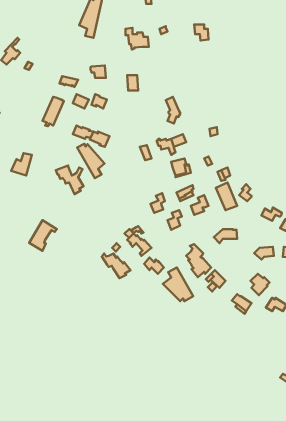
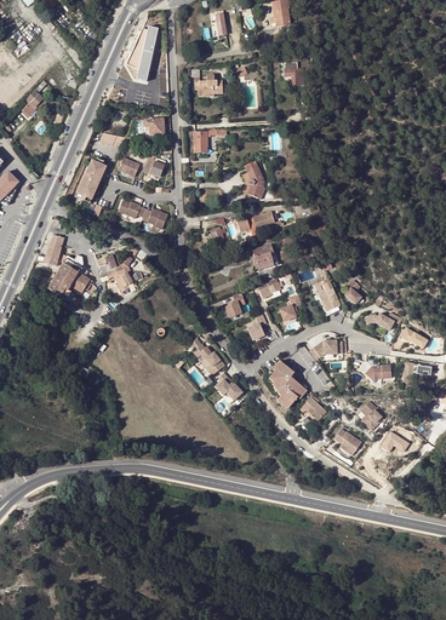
building: [77,144,104,178] -> none
building: [29,220,57,251] -> [47,259,85,300]
building: [102,253,130,278] -> none
building: [163,267,193,301] -> none

